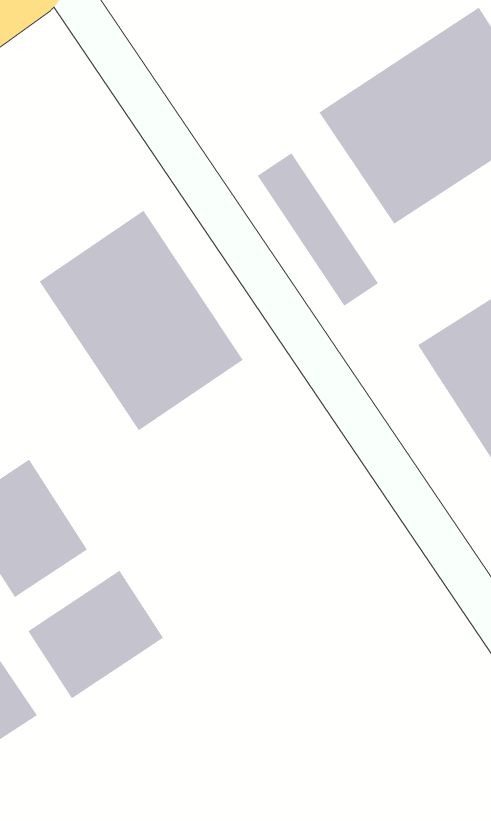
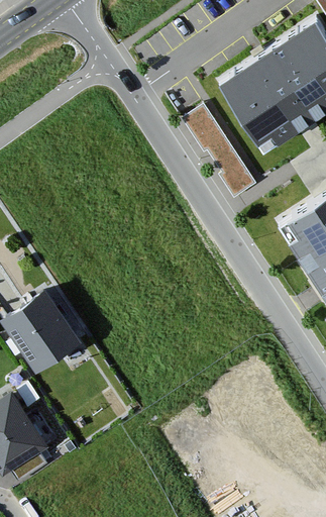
building: [39,210,244,431] -> none
building: [28,570,164,699] -> none

